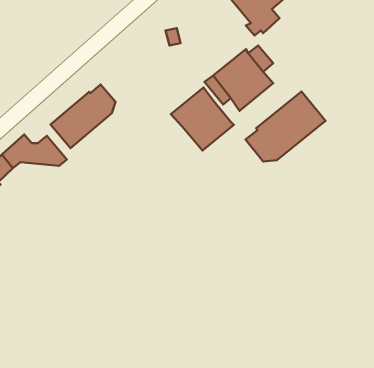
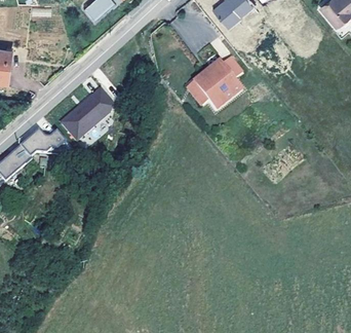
building: [171,88,234,151] -> none
building: [245,91,325,162] -> none

